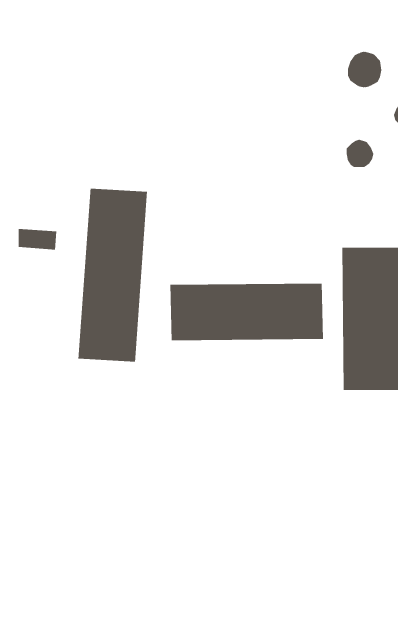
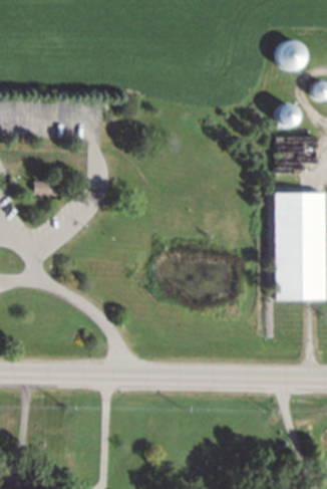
building: [78,188,148,362] -> none
building: [170,283,323,341] -> none

